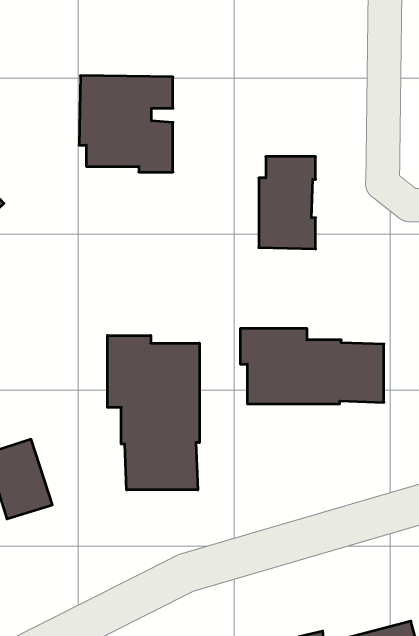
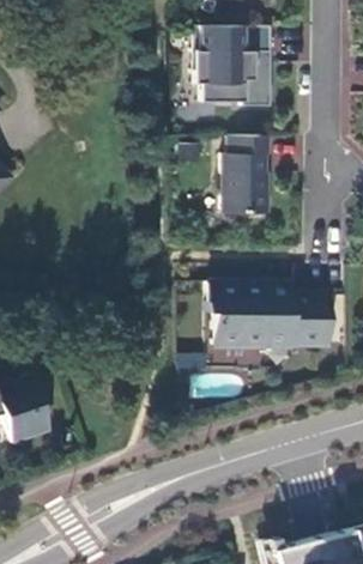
building: [79,76,173,172] -> [193,26,272,108]
building: [107,335,199,490] -> none

